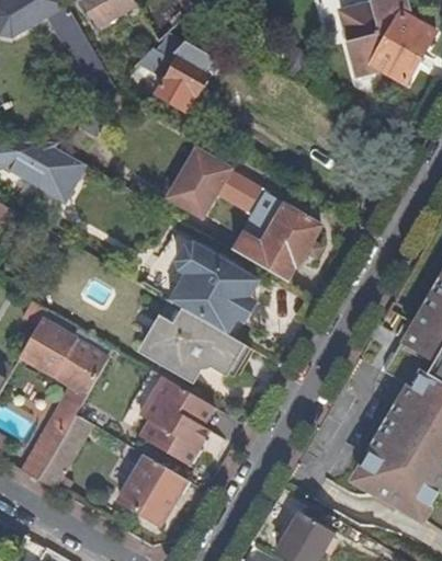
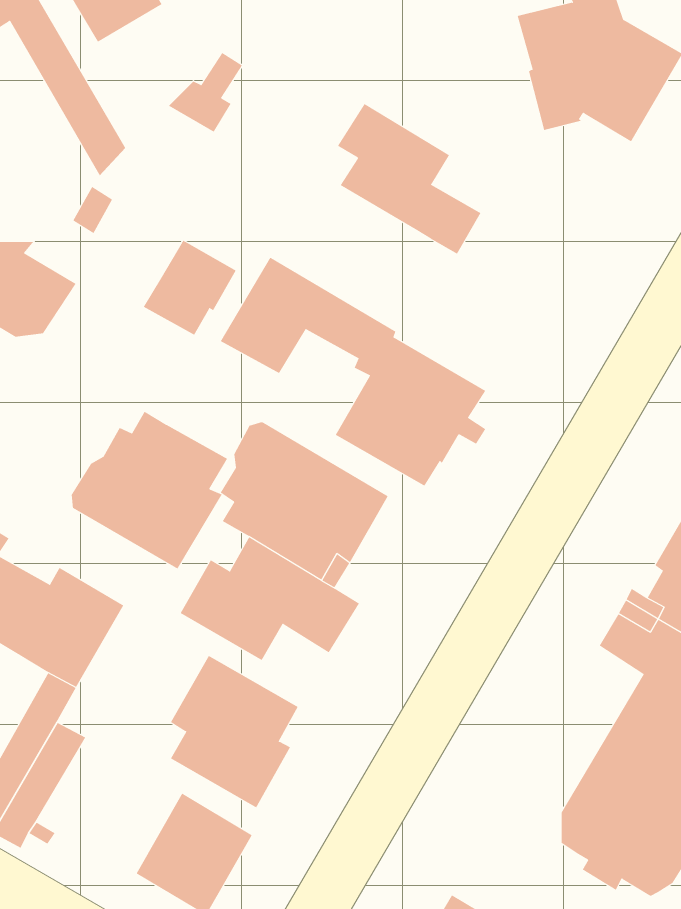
building: [155,55,208,110] -> [143,240,237,336]
building: none -> [337,103,481,255]
building: none -> [71,411,228,570]

